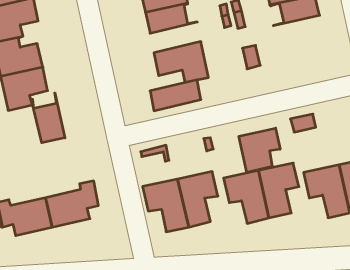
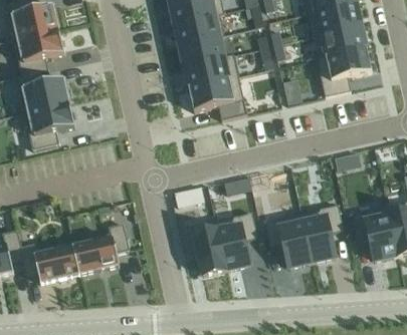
building: none -> [316,47,370,97]
building: [150,80,201,111] -> [184,54,238,87]
building: [31,93,65,143] -> none
building: [239,128,280,173] -> none

